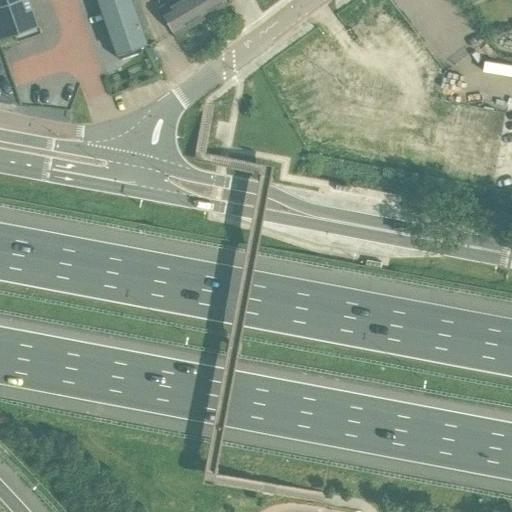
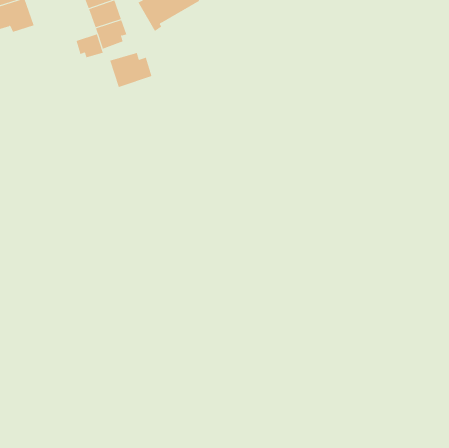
building: none -> [76,34,104,58]
building: none -> [109,52,152,88]

